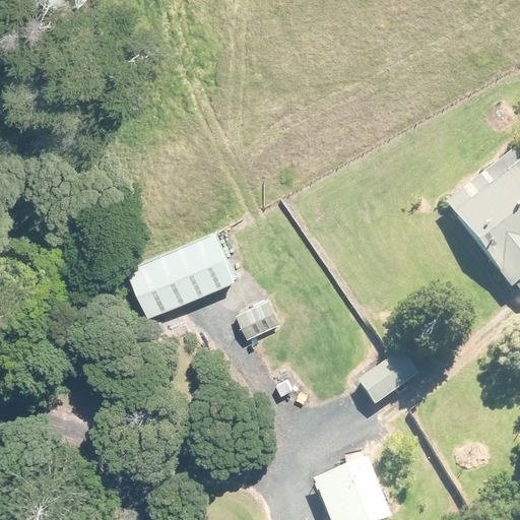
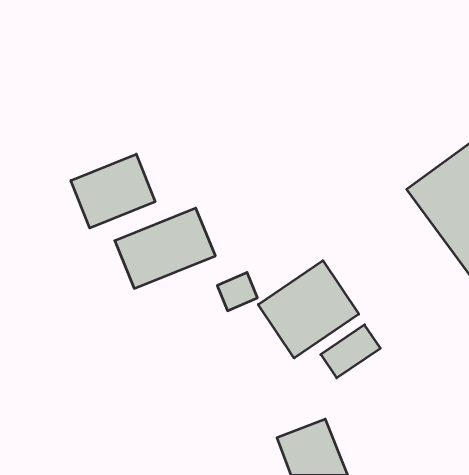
building: none -> [71,154,155,228]
building: none -> [258,261,359,358]

